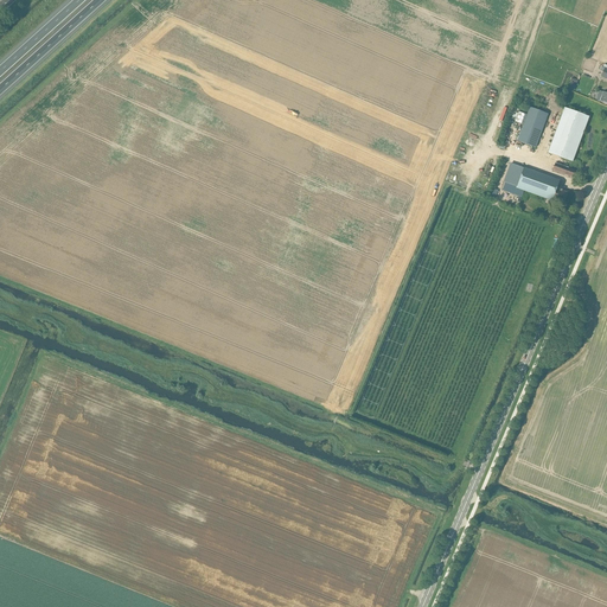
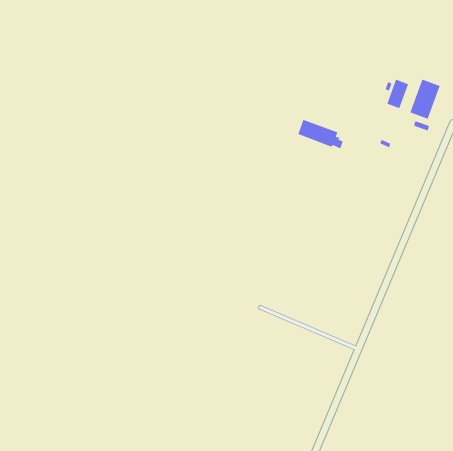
building: [505,161,567,202] -> [298,119,344,149]

